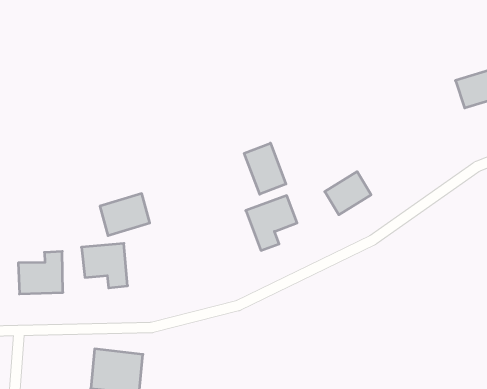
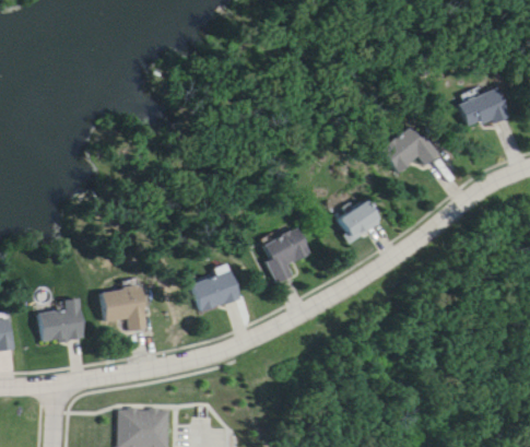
building: none -> [379,125,438,175]
building: [244,143,286,194] -> none
building: [100,194,150,236] -> [190,271,240,315]

